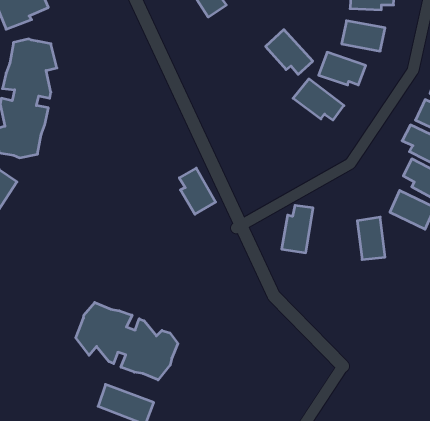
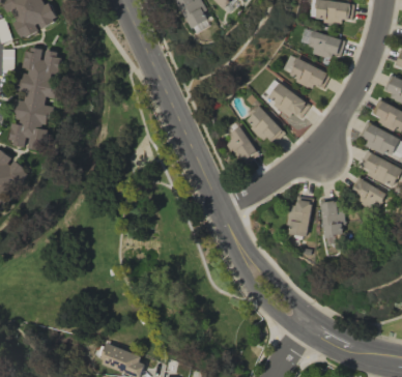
building: [266,30,313,74] -> [243,106,284,144]
building: [179,168,216,214] -> [226,125,257,165]
building: [282,205,313,253] -> [286,196,313,236]
building: [76,302,178,380] -> none

